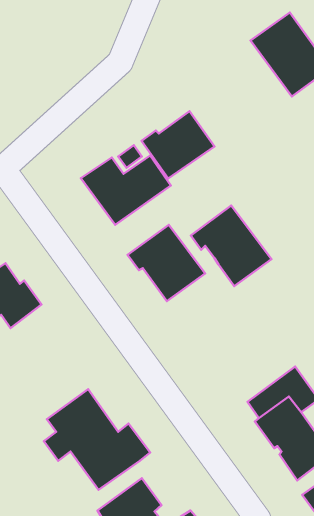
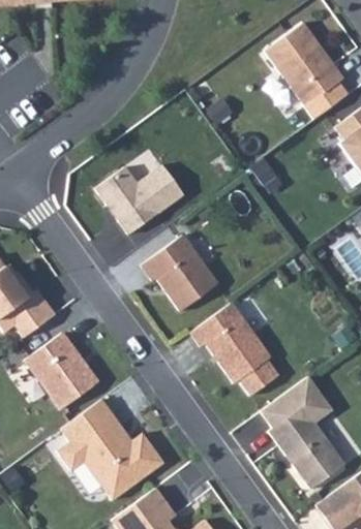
building: [141,111,214,178] -> none
building: [191,205,271,286] -> [191,303,272,383]
building: none -> [26,332,99,409]

